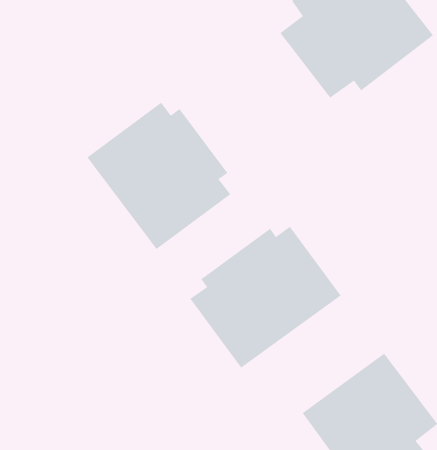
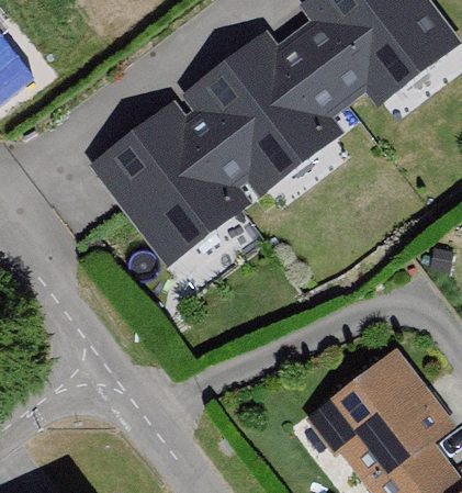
building: none -> [189,32,346,188]
building: [190,226,341,369] -> none

